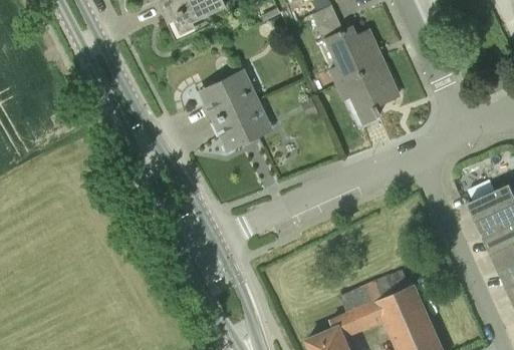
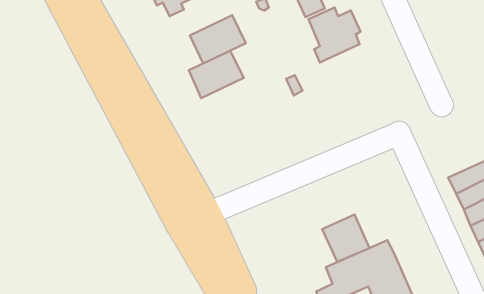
building: [335,62,398,122] -> none
building: [212,99,270,149] -> [190,15,246,63]
building: none -> [322,214,369,262]

